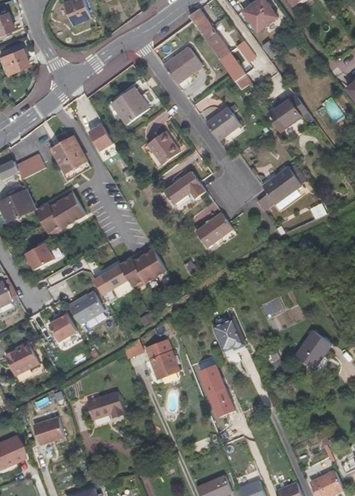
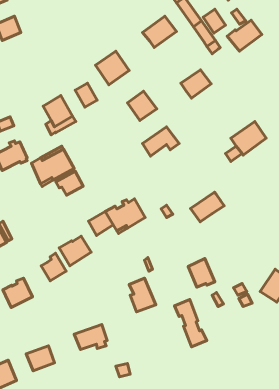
building: [270,96,309,131] -> [227,20,262,51]
building: [16,153,45,177] -> none
building: [194,213,232,246] -> [190,192,224,222]
building: [27,243,58,270] -> [56,171,83,195]

